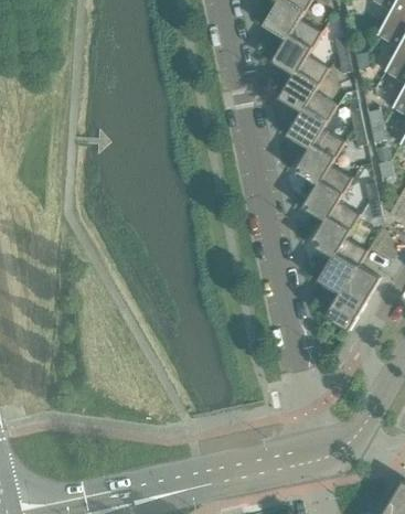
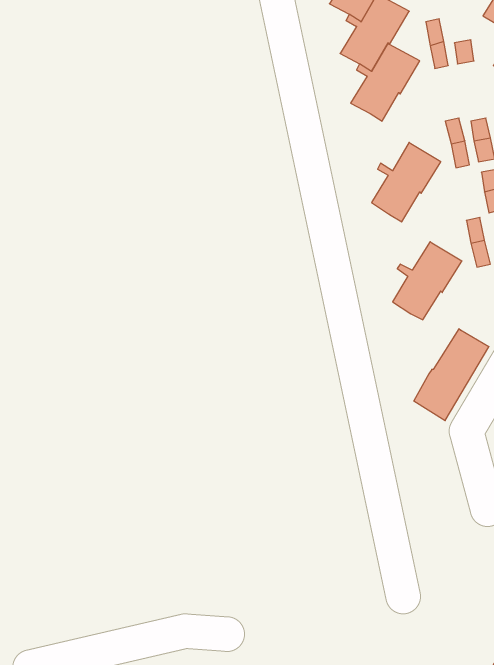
building: [286,90,337,148] -> none
building: [301,163,352,221] -> none
building: [317,236,366,297] -> none

